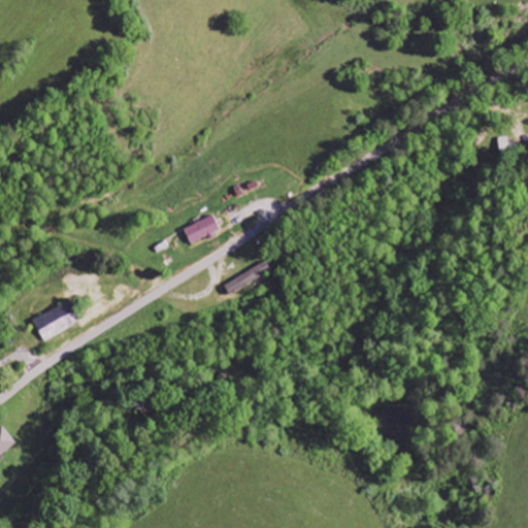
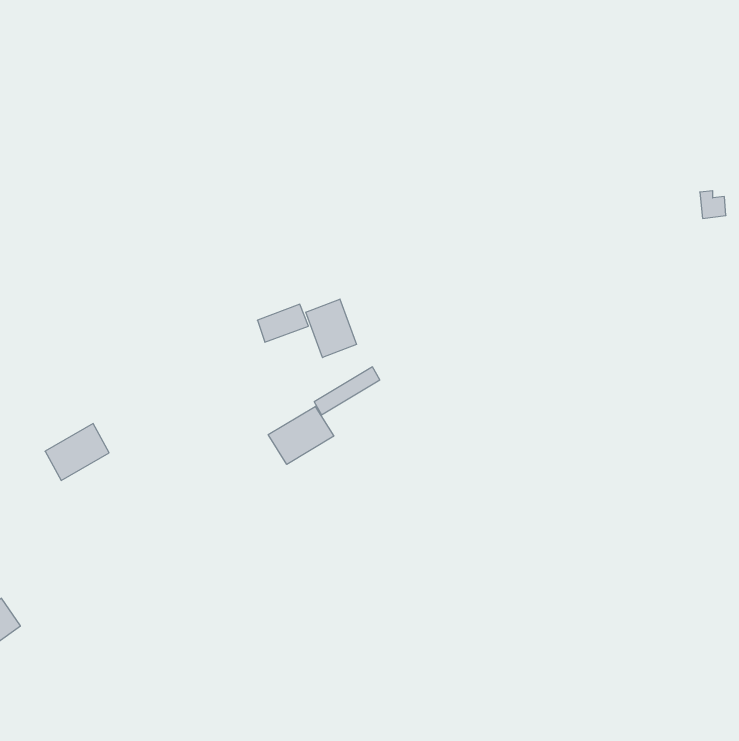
building: none -> [306,299,357,358]
building: none -> [268,406,334,464]

